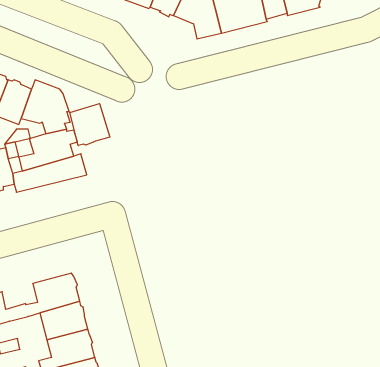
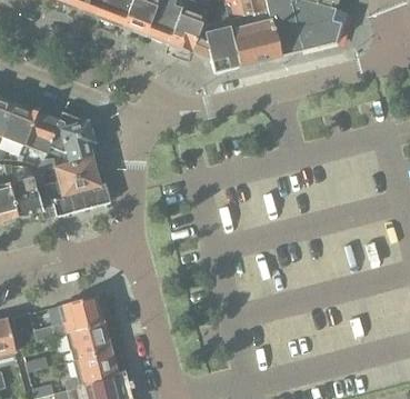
building: [70,104,110,146] -> none

